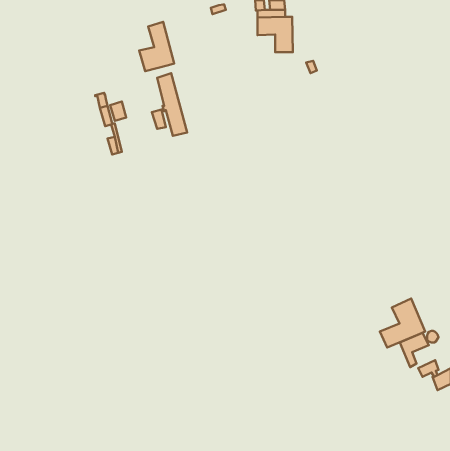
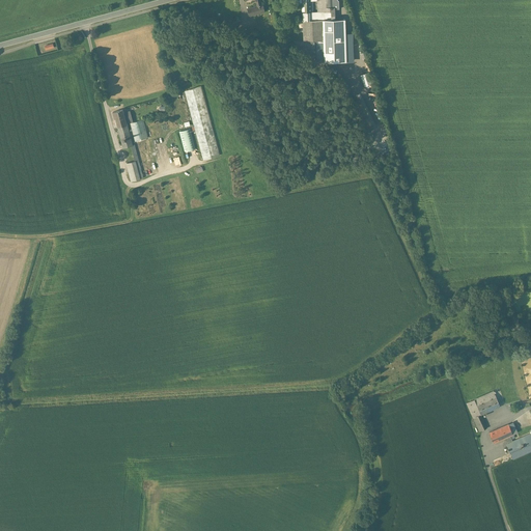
building: [139,22,174,71] -> none
building: [380,299,425,348] -> none

